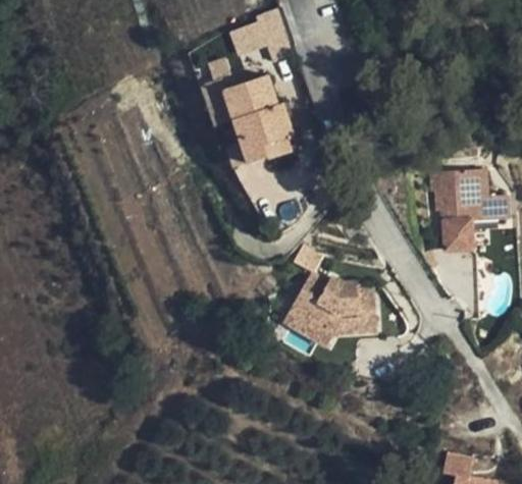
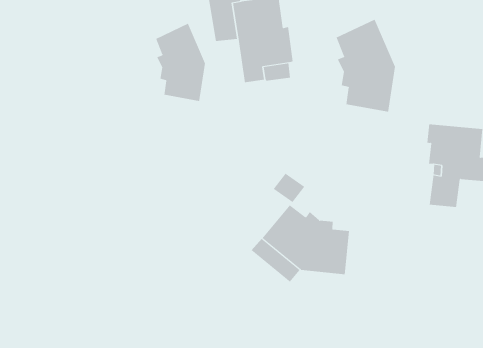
building: none -> [336,19,396,113]
building: none -> [155,23,205,102]

